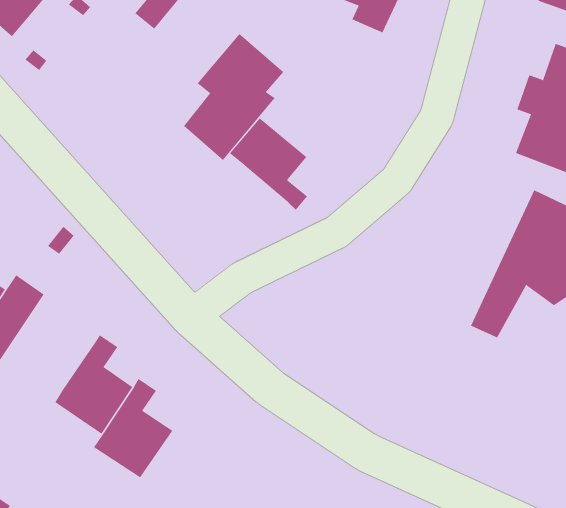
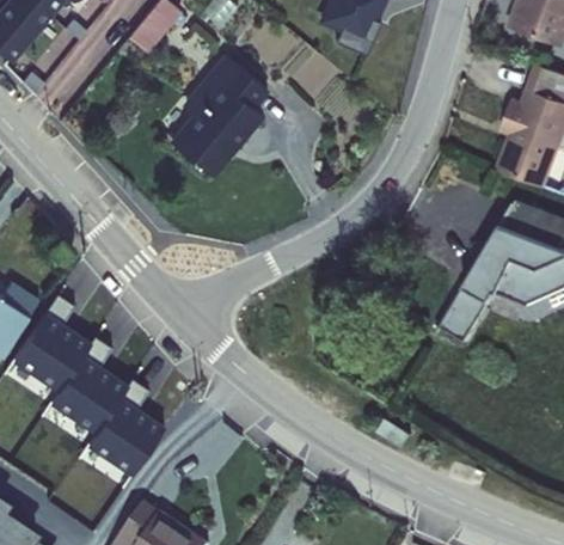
building: [229,118,308,211] -> none
building: none -> [14,299,91,394]

